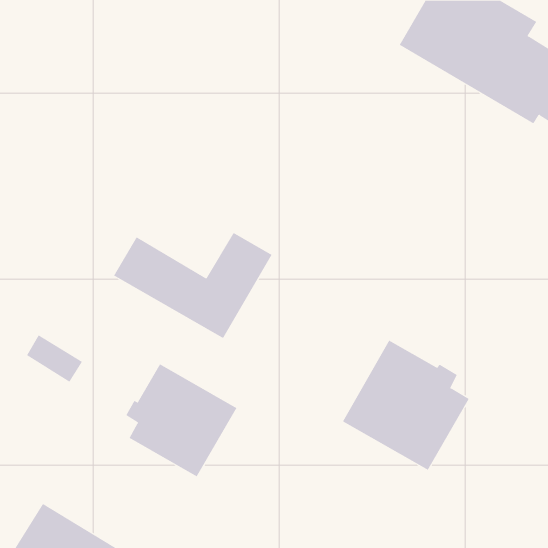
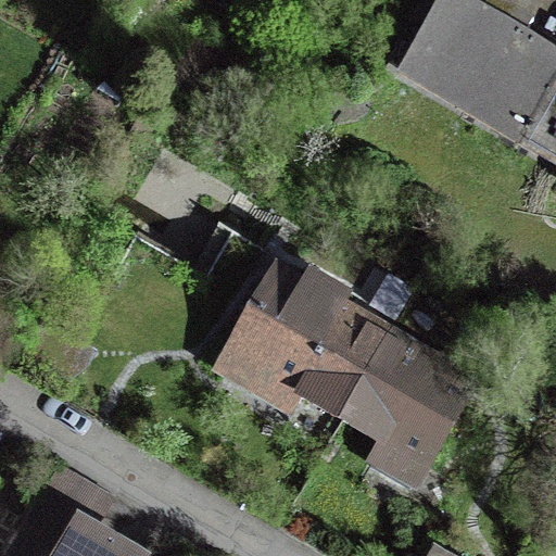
building: none -> [236,285,396,429]
building: [126,363,237,477] -> none

